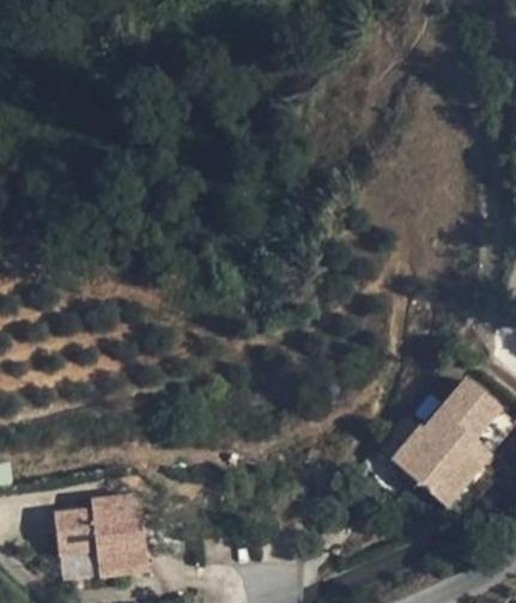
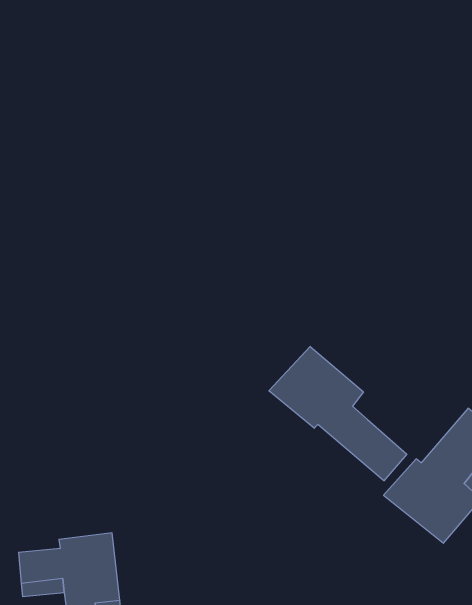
building: none -> [269,346,407,481]

